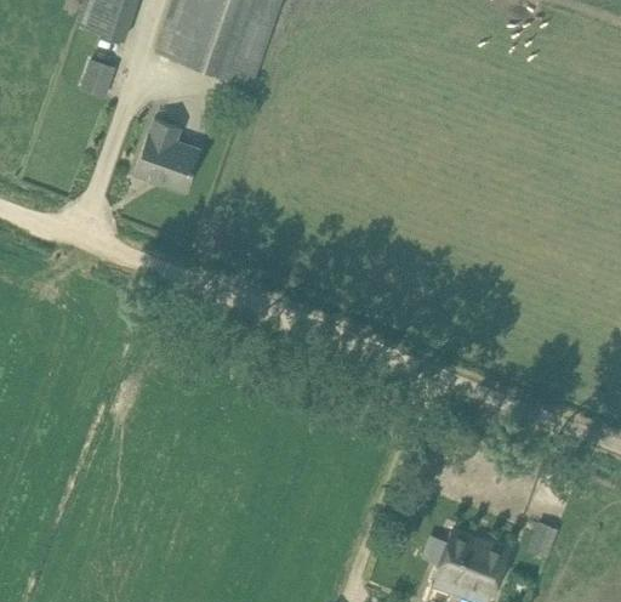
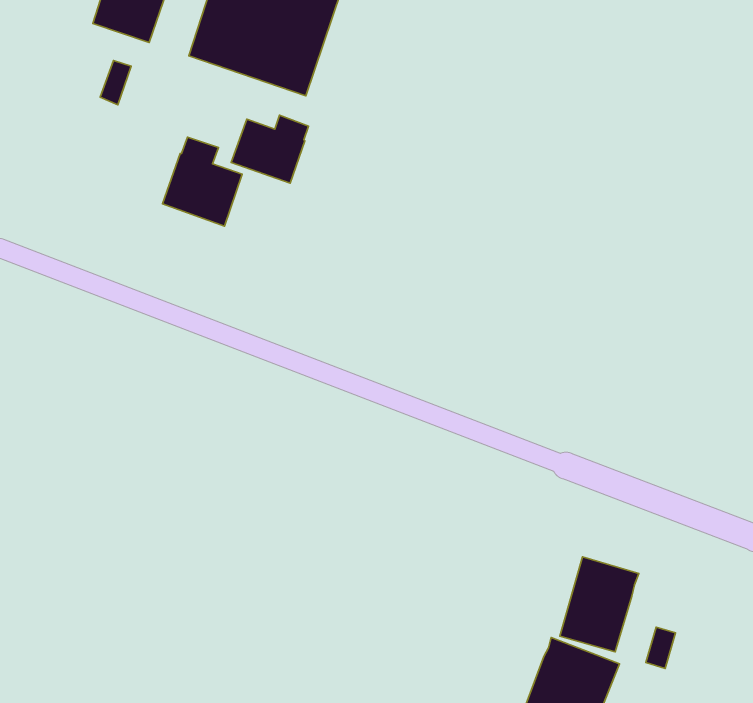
building: none -> [231,115,309,183]
building: none -> [560,557,639,652]

